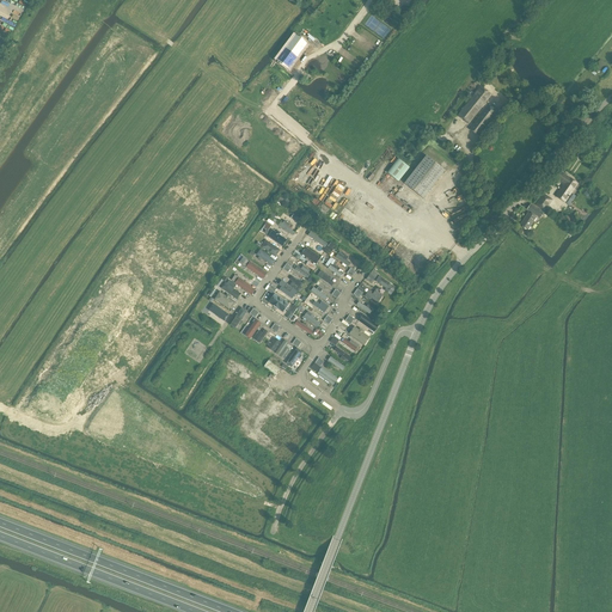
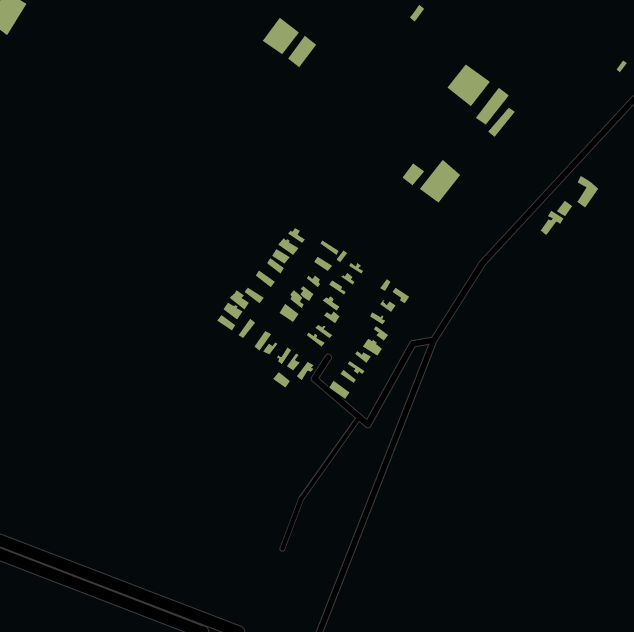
building: none -> [262,17,300,55]
building: none -> [447,64,491,107]

